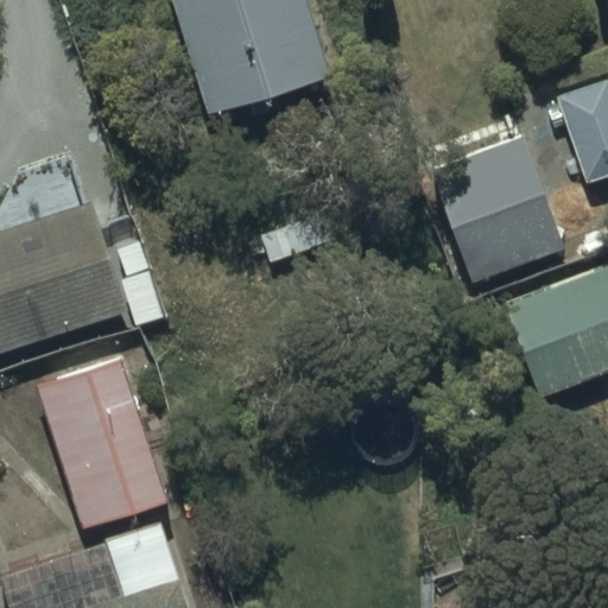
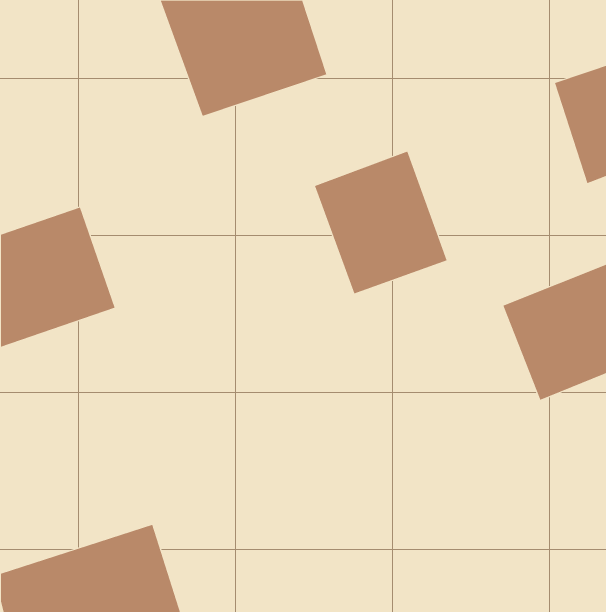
building: [433,141,565,283] -> [314,151,447,294]
building: [37,357,167,528] -> none

